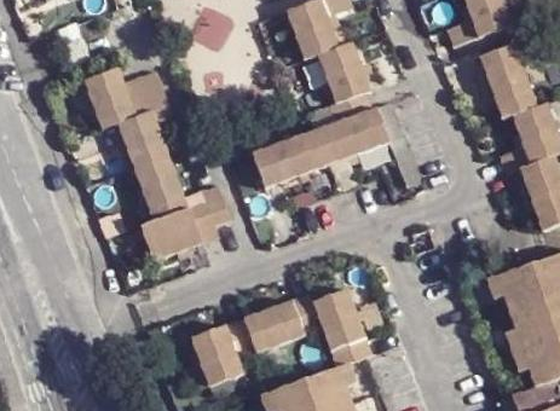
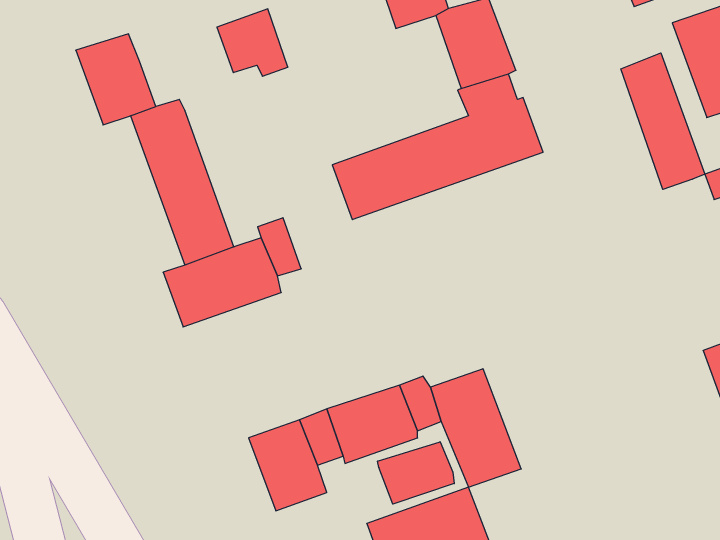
building: [122,73,169,117] -> [217,9,288,76]
building: none -> [621,53,705,189]
building: none -> [378,442,454,504]

